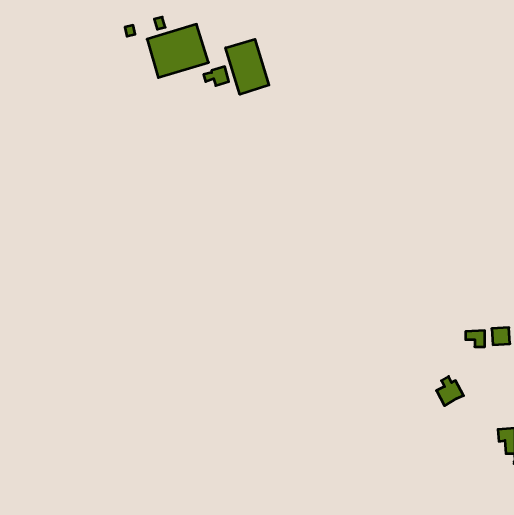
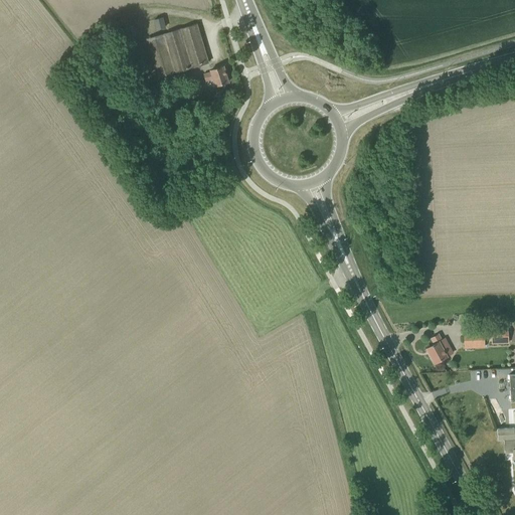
building: [226,39,269,94] -> none
building: [436,376,464,406] -> [427,334,455,363]

